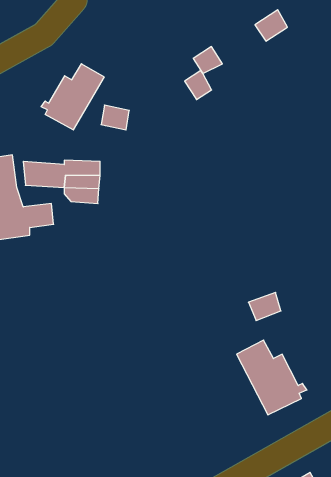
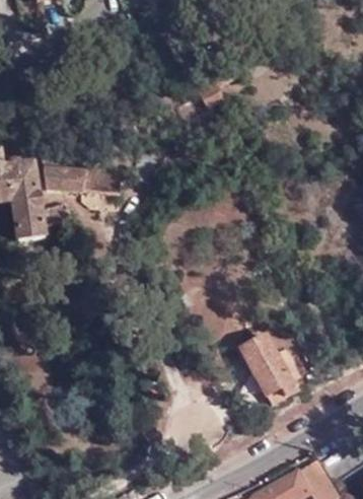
building: [41,64,104,130] -> none

